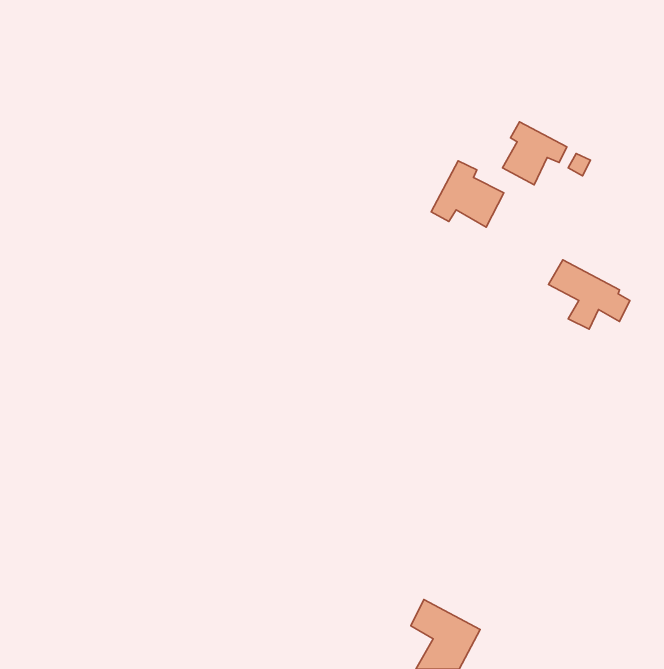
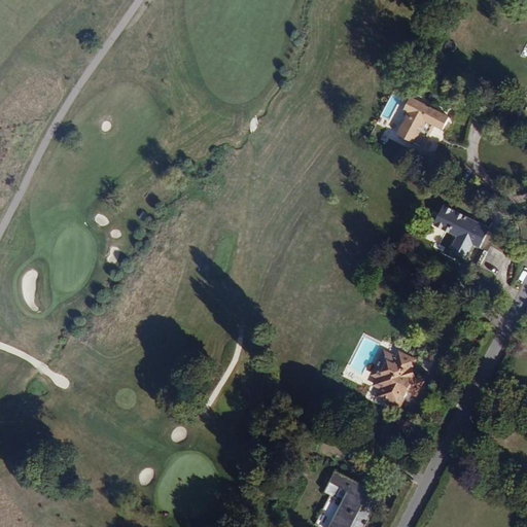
building: [431,161,504,227] -> none
building: none -> [367,350,421,408]

